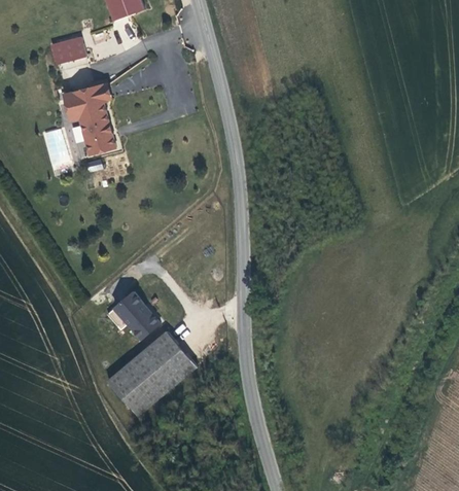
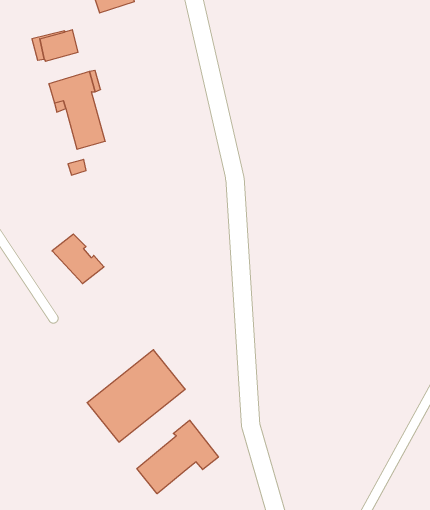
building: [110,294,157,340] -> [52,234,104,284]
building: none -> [137,420,218,494]

